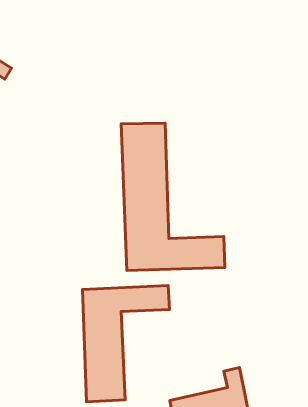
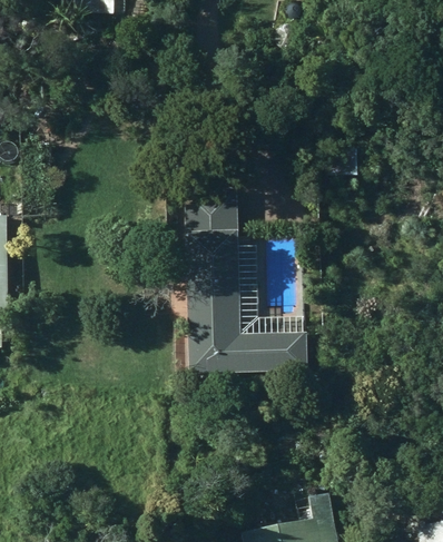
building: [82,286,169,402] -> none

